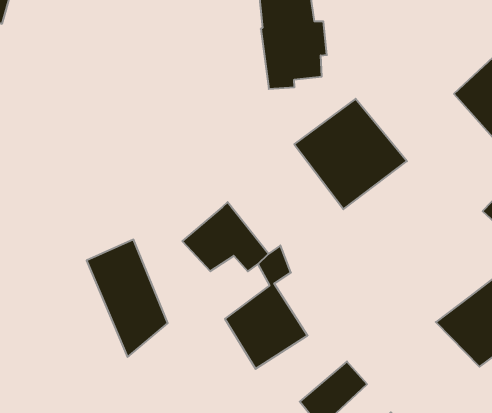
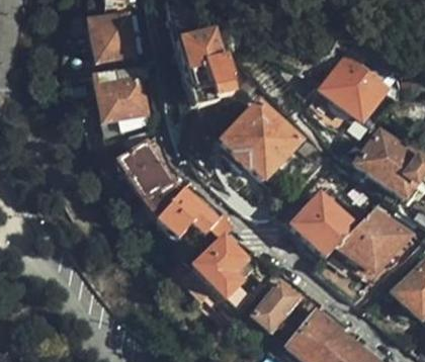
building: none -> [91,70,145,128]
building: [87,240,168,357] -> [117,139,179,218]
building: none -> [285,193,356,260]

